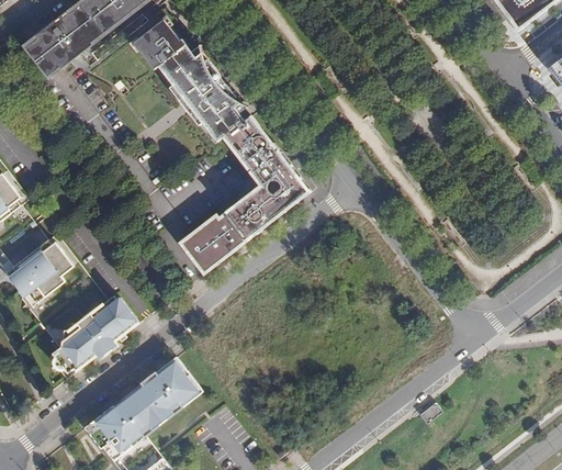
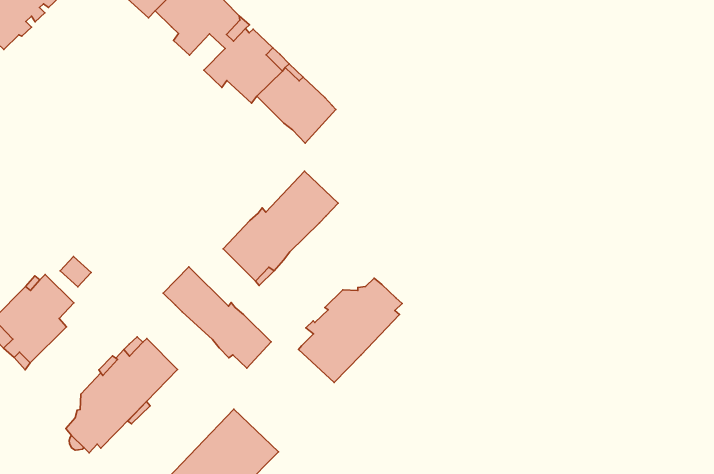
building: [248,153,306,220] -> none
building: none -> [163,267,271,368]
building: none -> [299,278,402,382]

